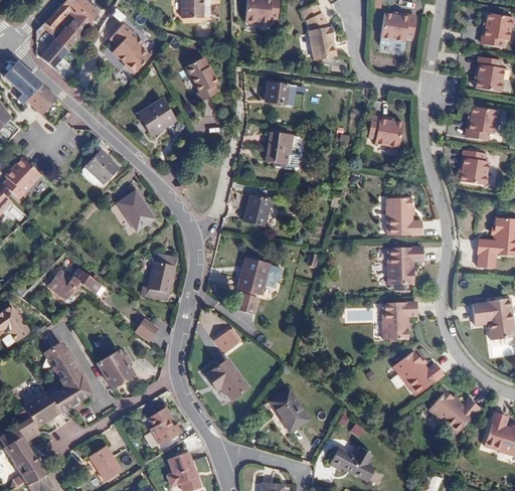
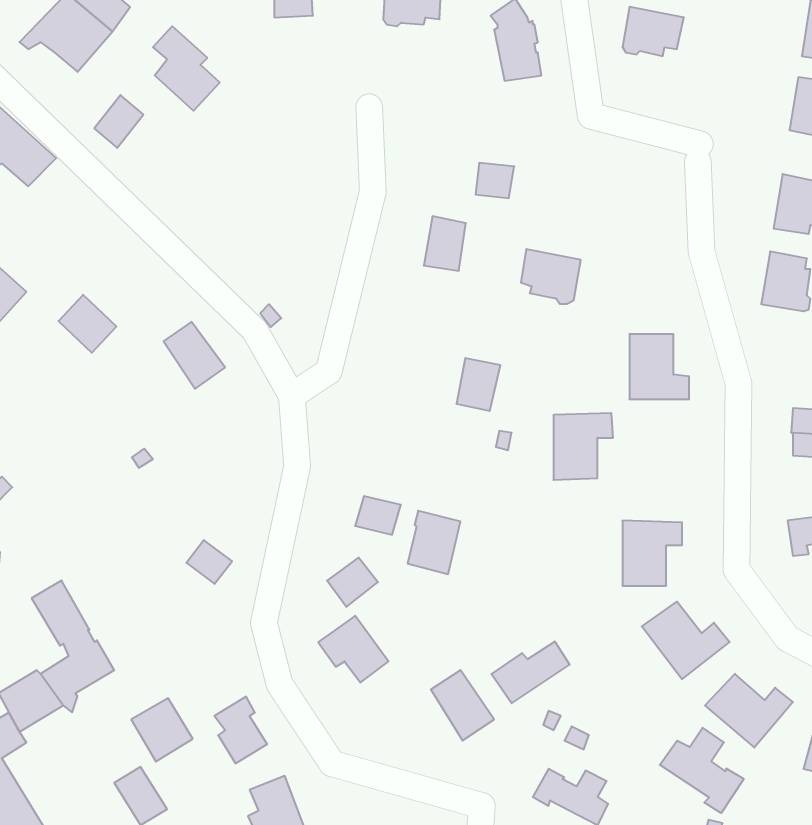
building: [41,38,69,68] -> [94,95,143,148]
building: [187,57,219,102] -> none
building: [267,83,289,103] -> [476,163,514,198]
building: [138,100,175,135] -> none
building: [368,119,402,150] -> [521,249,581,304]
building: [85,151,119,184] -> [58,295,116,353]
building: [245,195,271,225] -> [456,358,500,411]
building: [386,249,420,287] -> [553,413,613,480]
building: [146,257,176,301] -> none
building: [239,258,270,294] -> [408,511,460,574]
building: [44,266,98,297] -> none
building: [98,351,133,387] -> [131,698,193,762]
building: none -> [491,641,570,703]
building: none -> [660,728,744,813]

